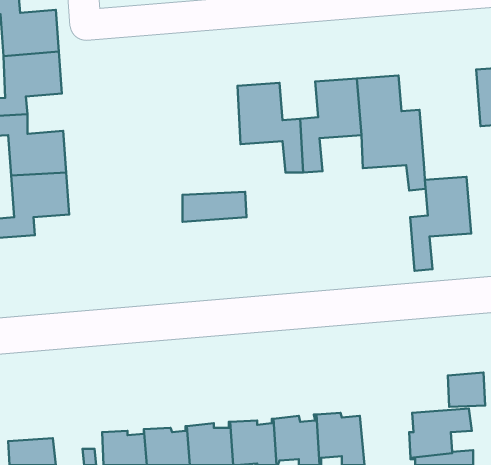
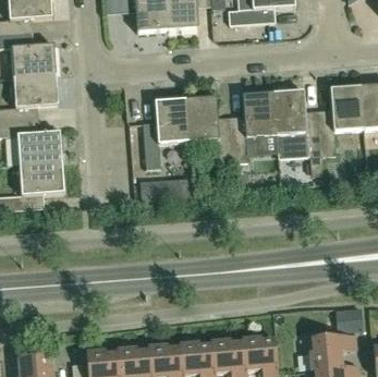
building: none -> [143,99,187,168]
building: [410,177,471,271] -> [318,87,363,156]

